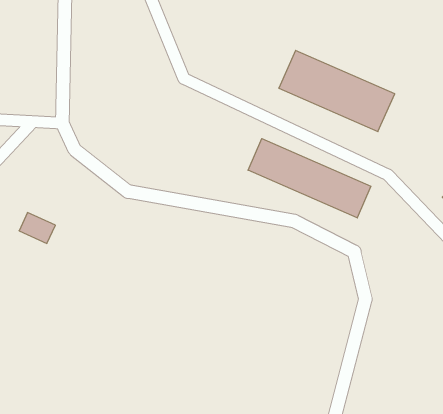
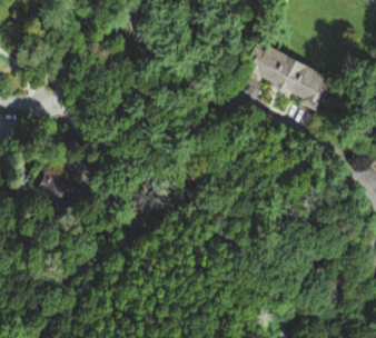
building: [248,139,371,218] -> none

